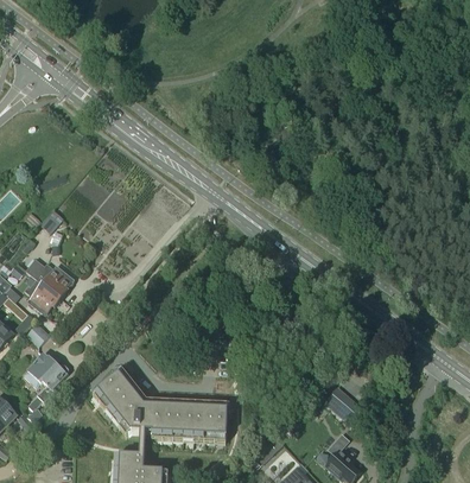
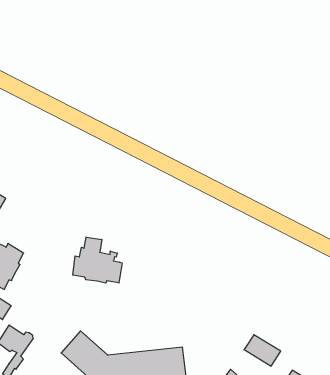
building: none -> [73,237,122,283]
building: [324,385,363,421] -> [244,335,281,366]

